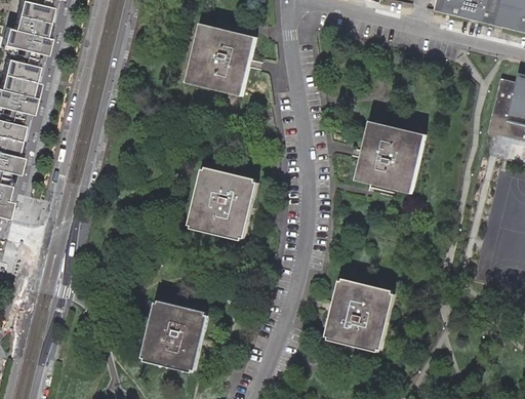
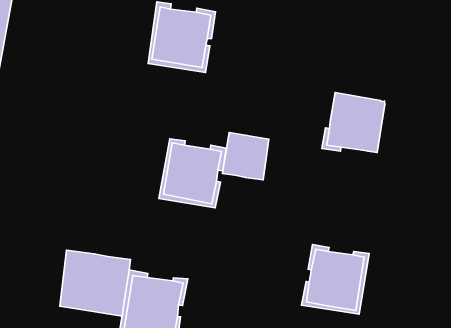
building: [361,123,426,196] -> none
building: none -> [223,132,269,180]
building: none -> [60,250,130,316]

